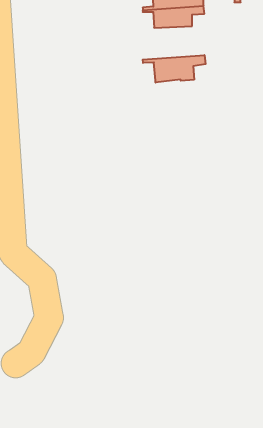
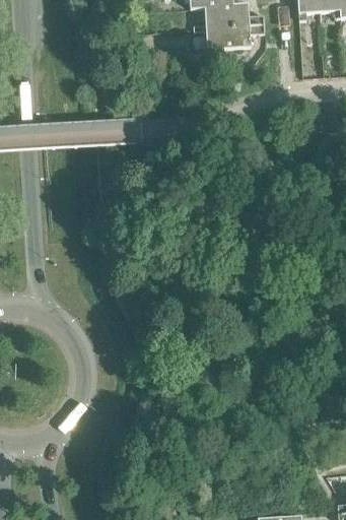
building: [143,55,206,83] -> none

